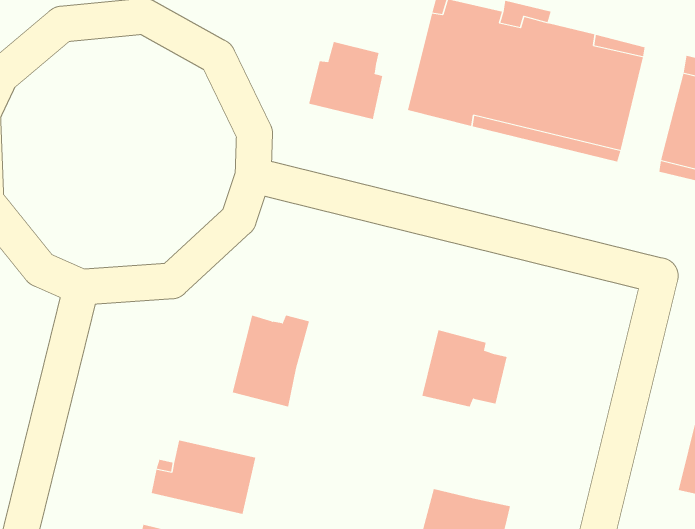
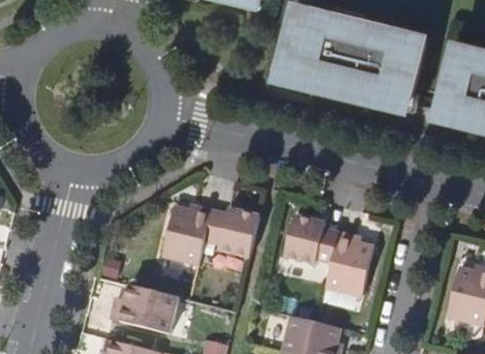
building: [308,41,383,120] -> none
building: none -> [204,208,260,258]
building: none -> [326,233,373,296]

